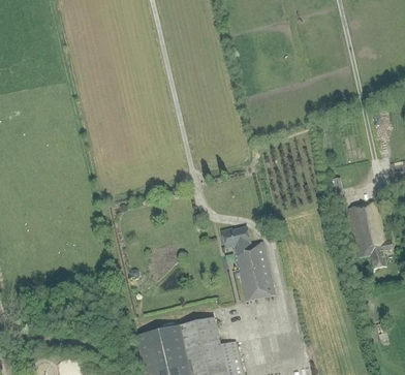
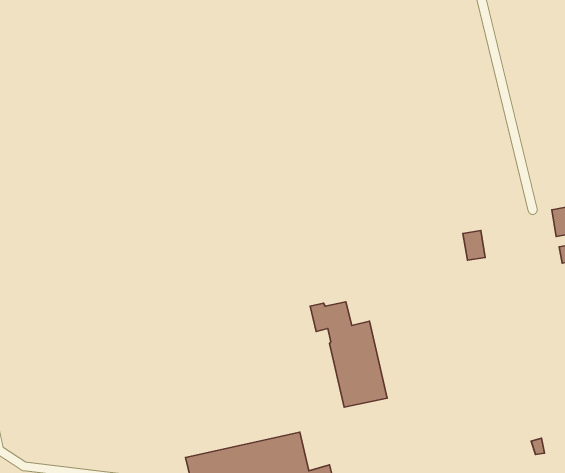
building: [347,201,392,269] -> none

